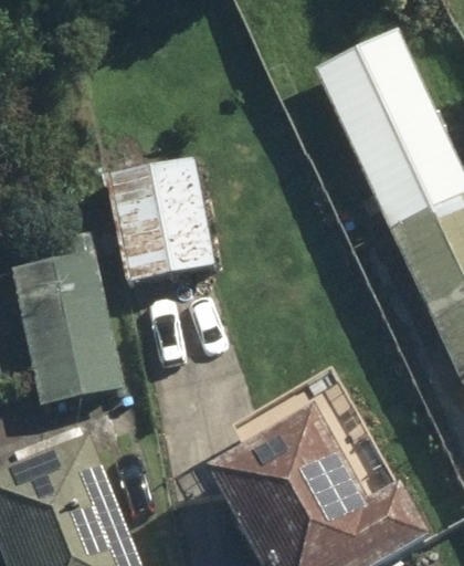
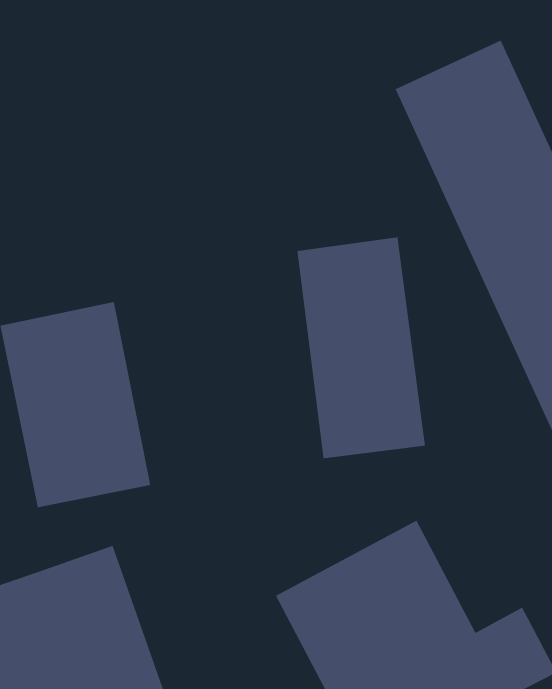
building: [109,146,215,280] -> none
building: none -> [296,236,426,459]

